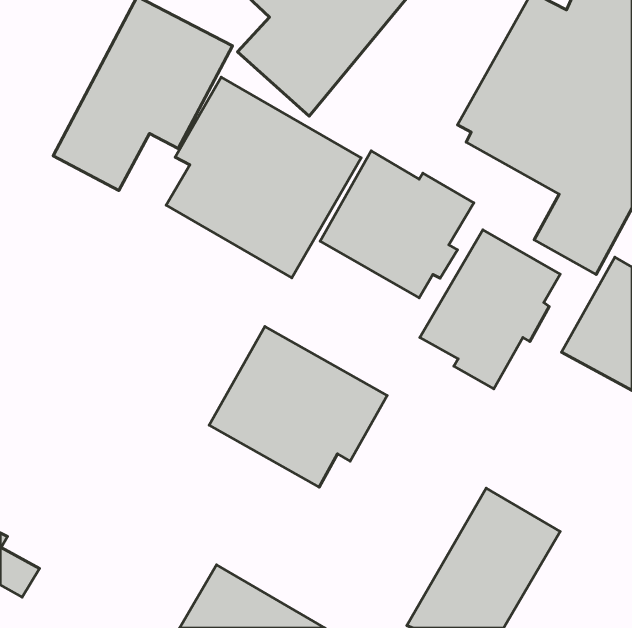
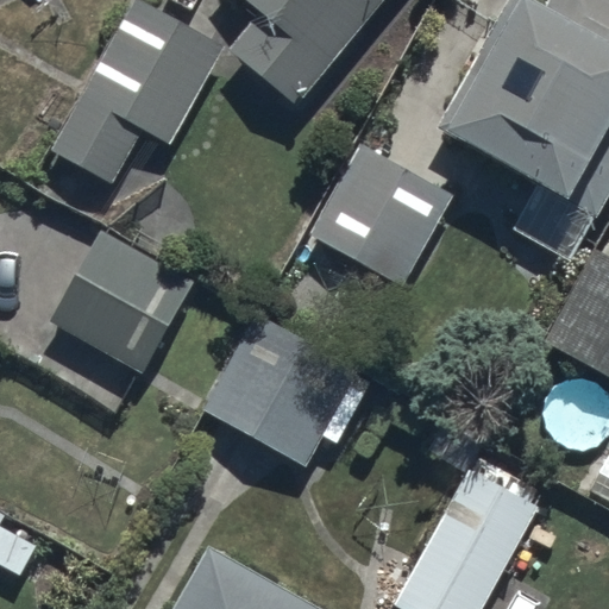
building: [166,77,361,278] -> none
building: [420,230,560,389] -> none
building: none -> [54,236,195,379]

